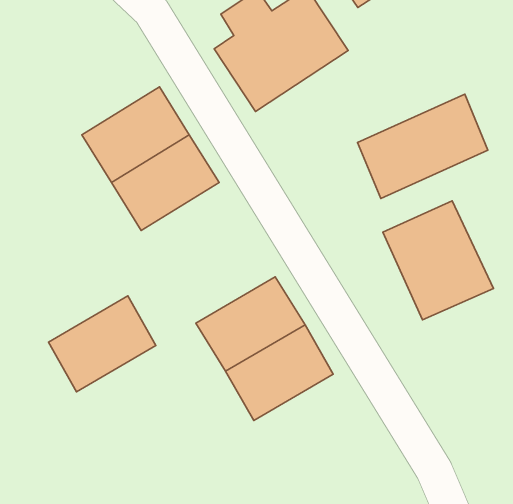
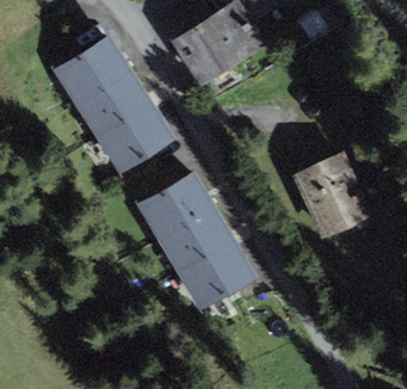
building: none -> [54,33,131,104]
building: [357,94,488,199] -> none
building: [48,296,156,392] -> [137,171,215,240]

